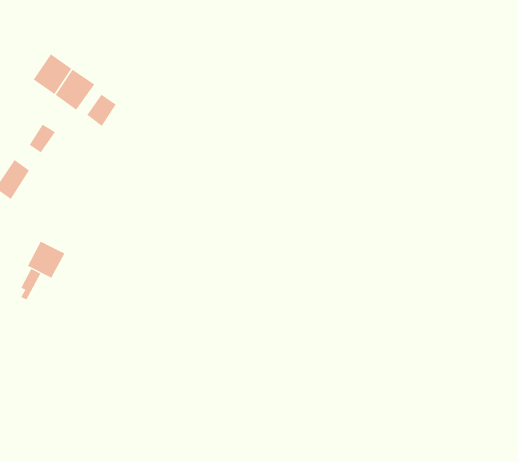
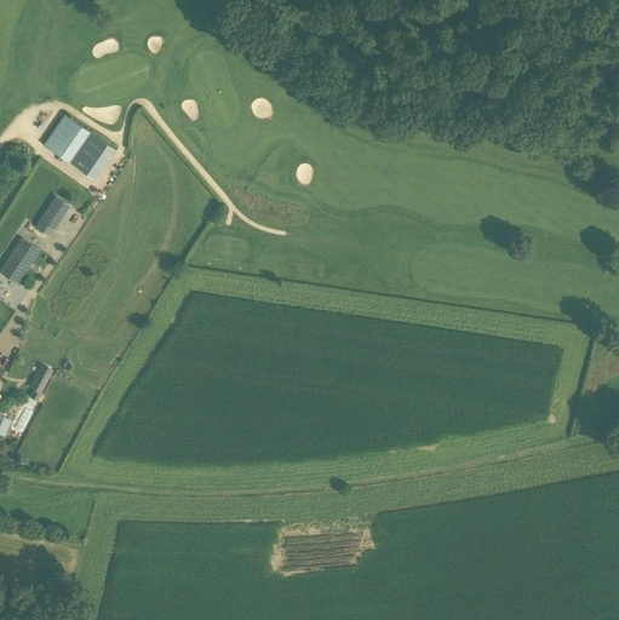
building: [86,94,117,127] -> none
building: [27,241,65,279] -> none

